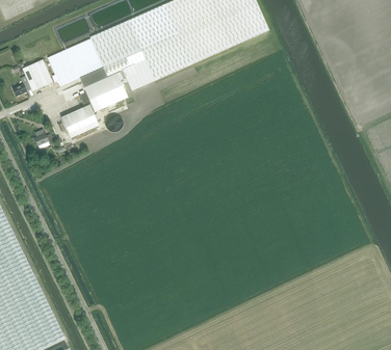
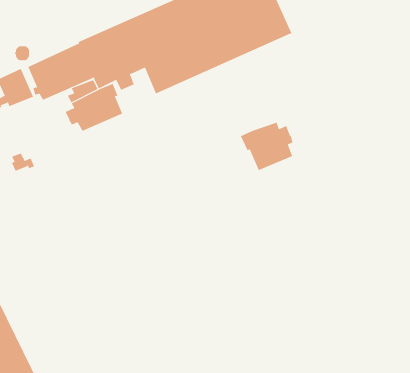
building: none -> [240,122,294,171]
building: [60,105,98,138] -> none

